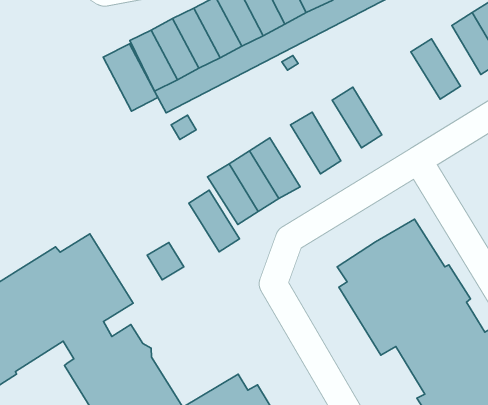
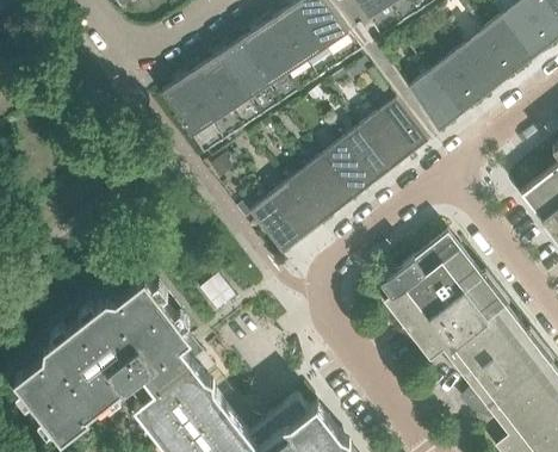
building: none -> [446,44,496,100]
building: [103,44,158,111] -> none
building: none -> [409,73,460,131]
building: none -> [377,97,428,154]
building: none -> [341,126,391,182]
building: [189,190,240,252] -> [304,154,355,211]

